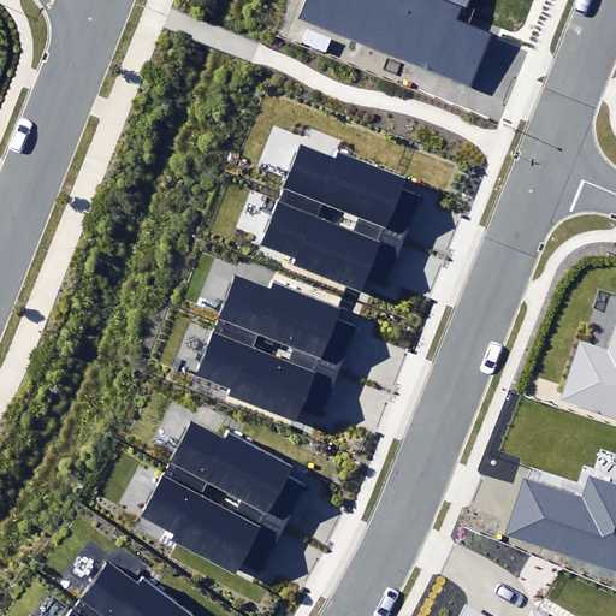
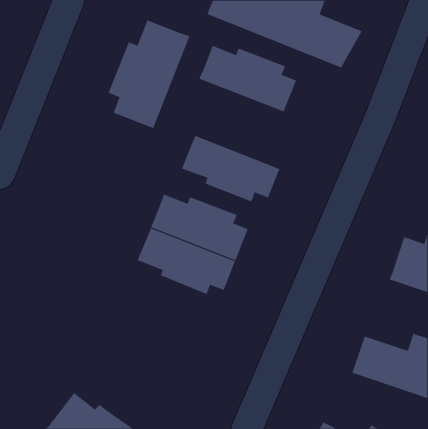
building: none -> [108,19,190,129]
building: [279,146,420,242] -> [199,45,297,112]
building: [140,421,307,573] -> none

